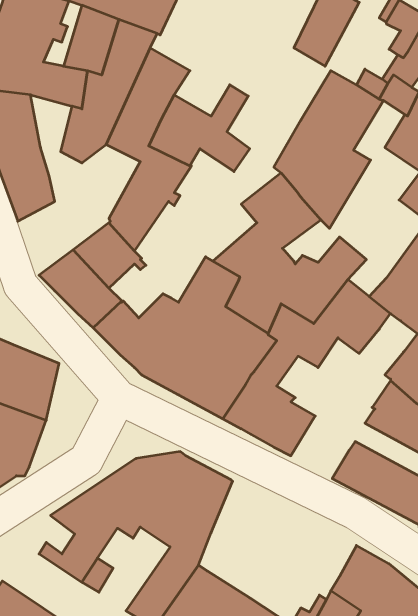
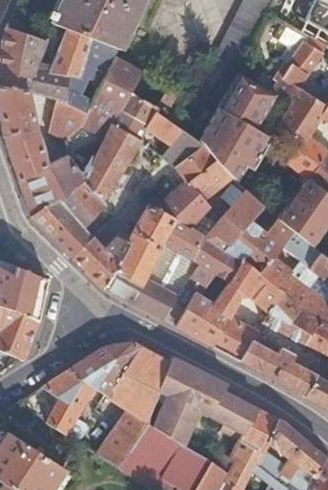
building: none -> [162,129,204,168]
building: none -> [19,155,84,218]
building: none -> [211,256,291,361]
building: none -> [152,356,257,445]

